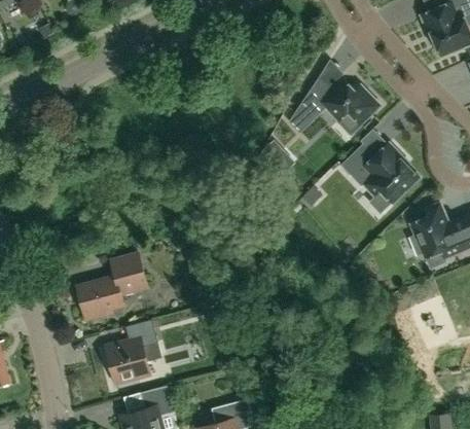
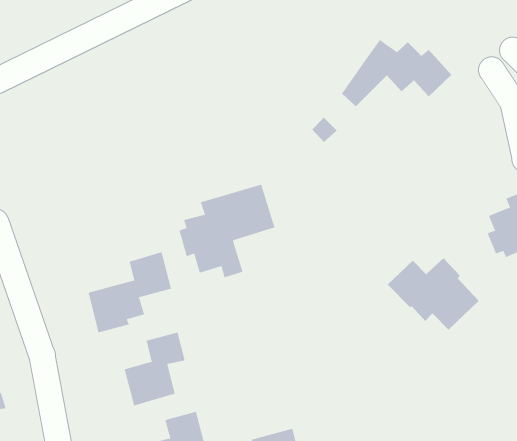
building: [342,142,420,203] -> [387,257,479,330]
building: none -> [179,184,275,278]

